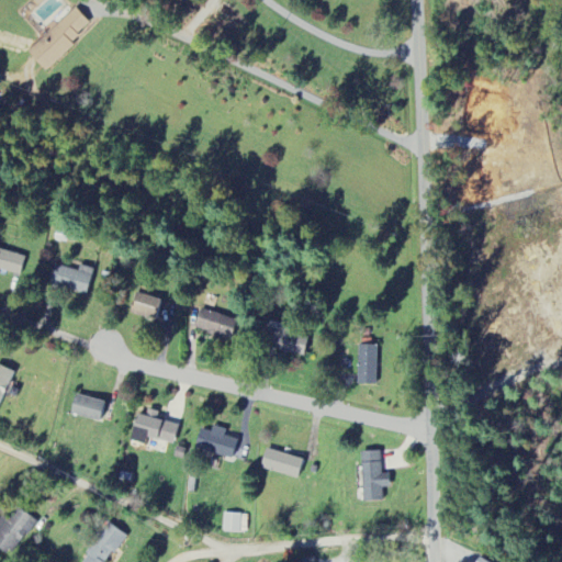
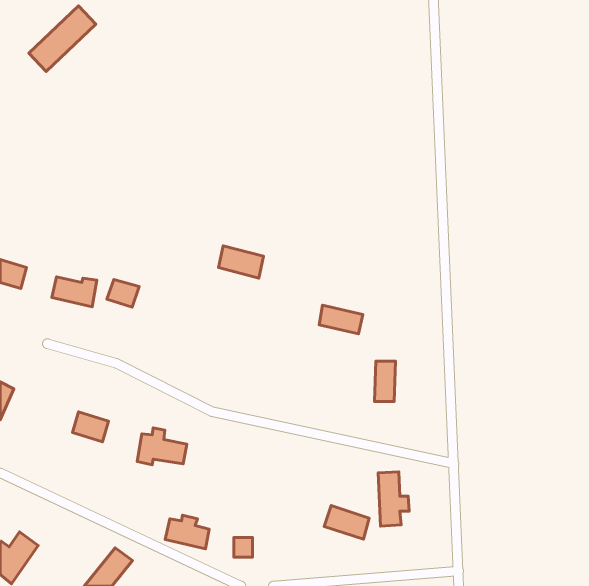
building: [130,291,160,317] -> [107,280,139,307]
building: [194,307,237,338] -> [219,246,264,278]
building: [267,327,308,355] -> [319,305,363,334]
building: [195,424,237,456] -> [165,515,209,549]
building: [260,446,303,477] -> [324,506,369,539]

